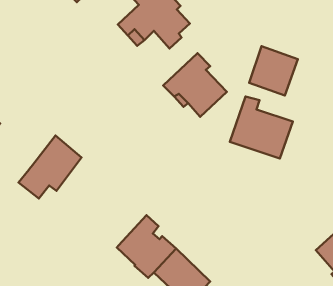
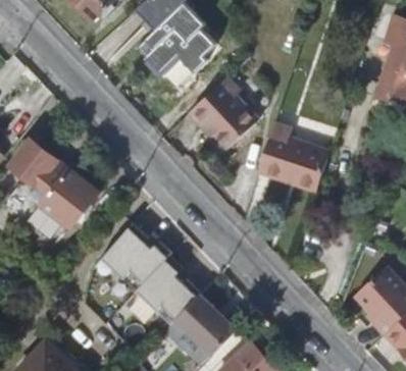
building: [249,46,298,95] -> none
building: none -> [11,141,67,201]
building: none -> [101,223,169,289]

